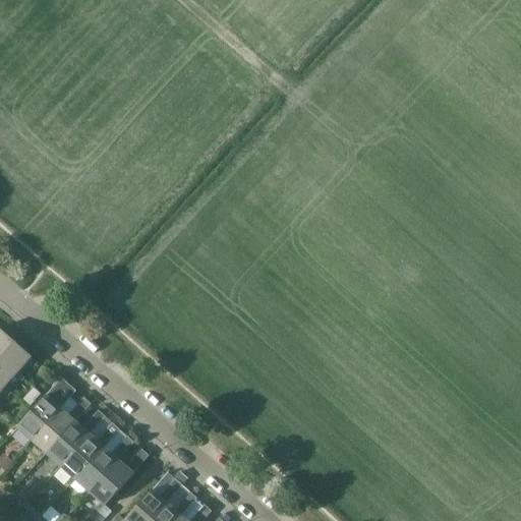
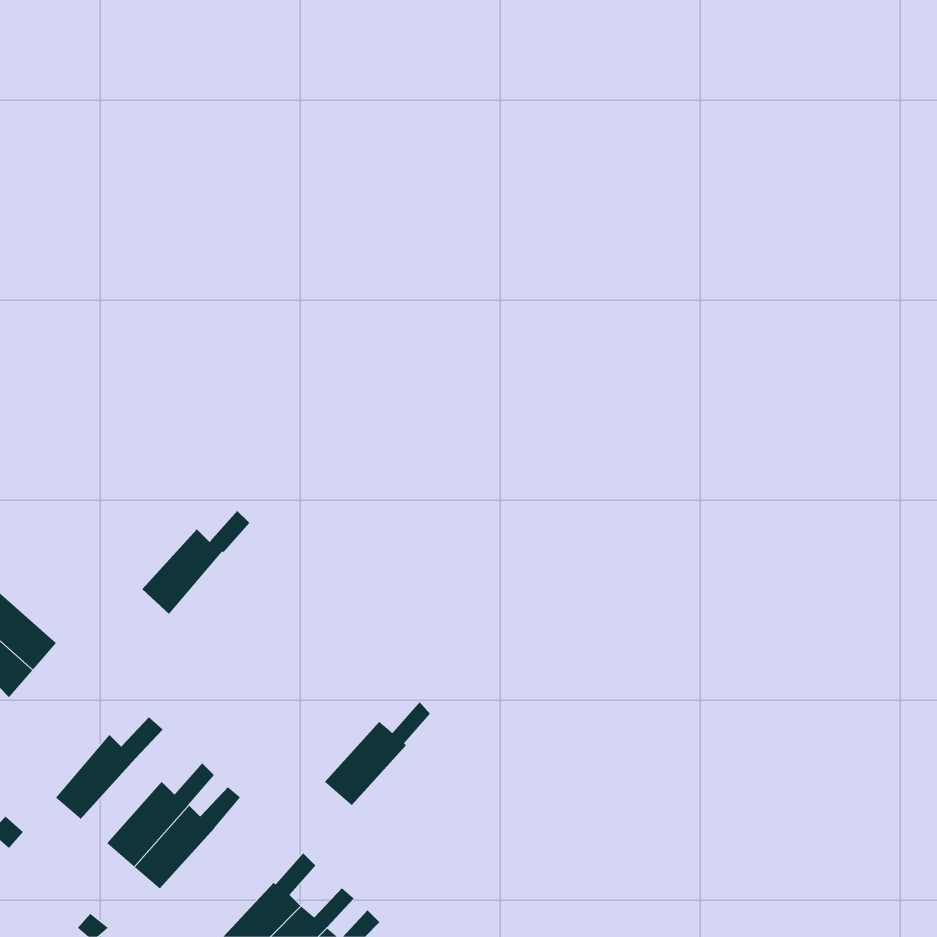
building: [15,384,75,442] -> [142,510,250,615]
building: [45,409,105,467] -> none
building: [89,448,148,506] -> [324,701,431,806]

